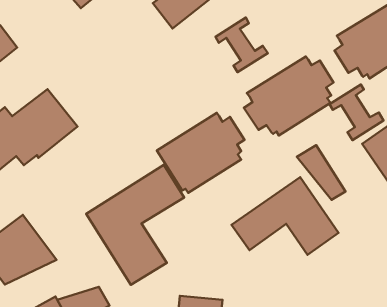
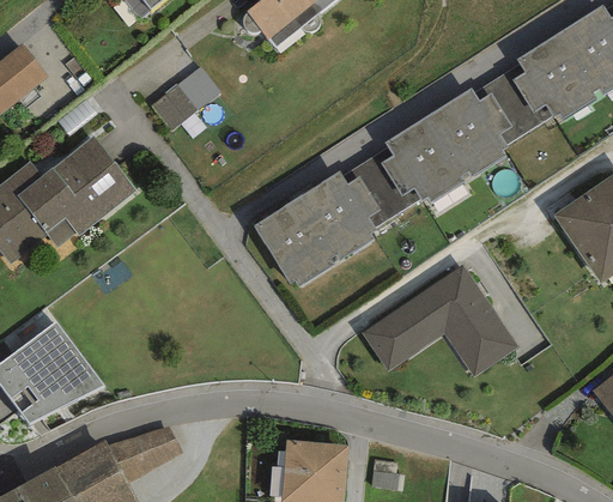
building: [215,17,268,72] -> [342,146,419,226]
building: none -> [148,67,220,131]
building: [330,85,384,140] -> [473,63,552,145]
building: [297,145,346,200] -> none
building: [86,165,184,285] -> none

